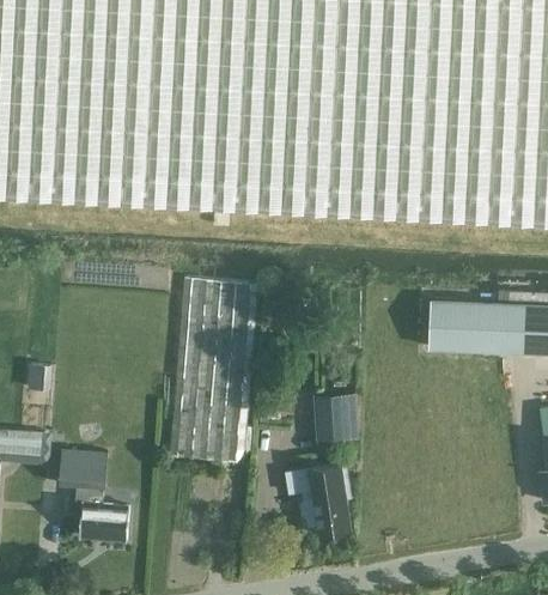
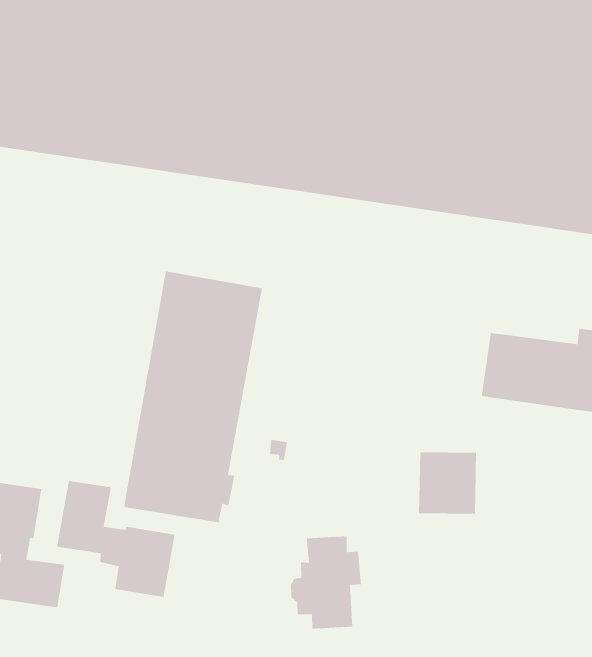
building: [312,393,359,443] -> [418,452,477,514]
building: none -> [56,480,176,598]

